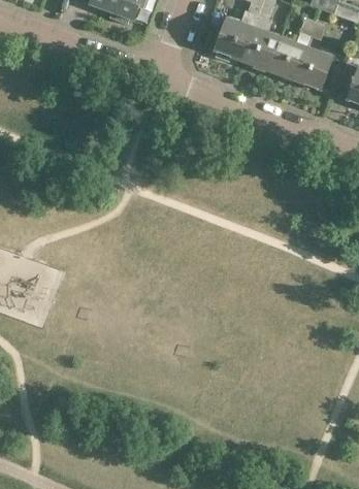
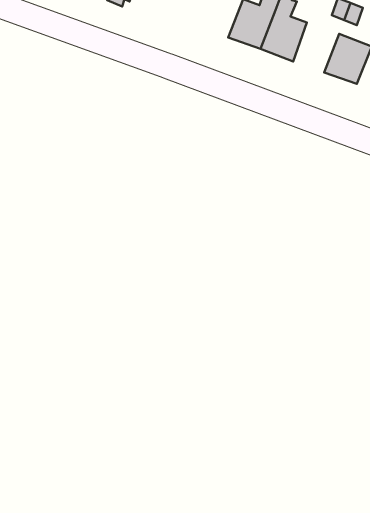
building: [268,38,306,79] -> none

